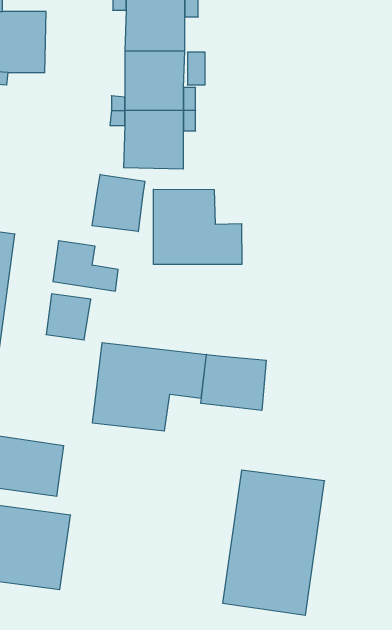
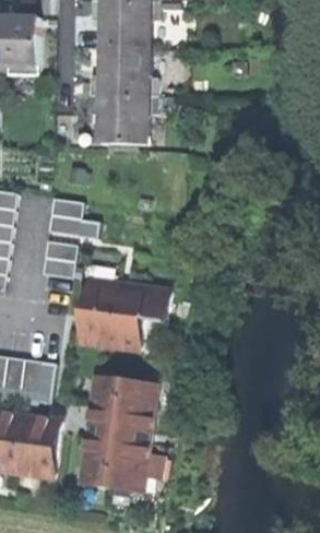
building: [92,174,145,232] -> none
building: [153,189,242,264] -> none
building: [201,354,266,410] -> none
building: [223,470,325,615] -> [75,376,157,493]

